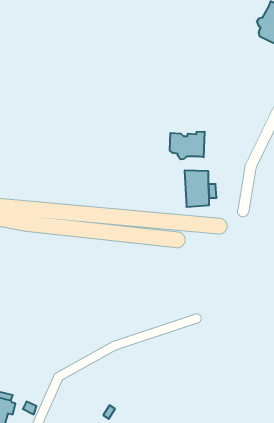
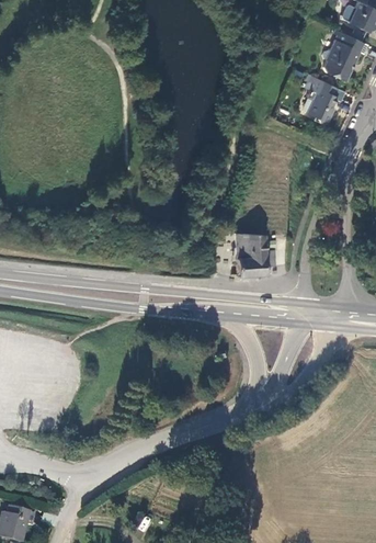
building: none -> [305,75,337,125]
building: [170,132,205,159] -> none

